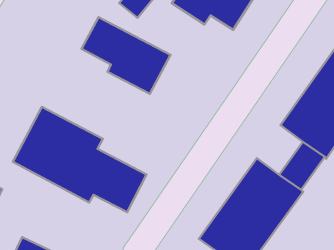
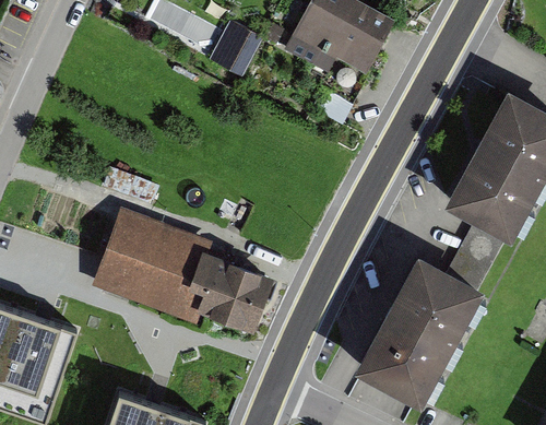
building: [82,17,170,94] -> none

